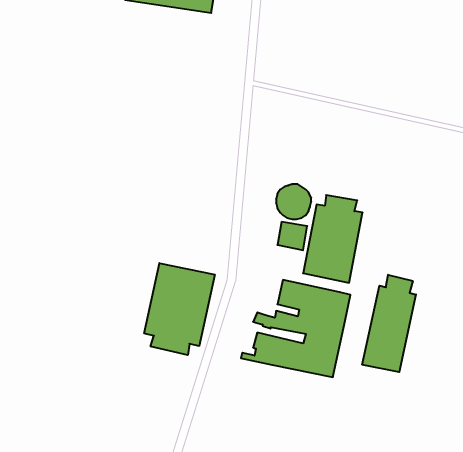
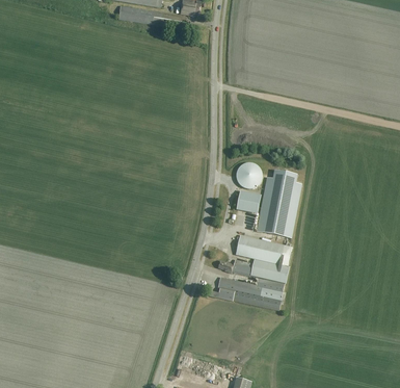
building: [144,263,215,355] -> none
building: [362,275,416,372] -> none

